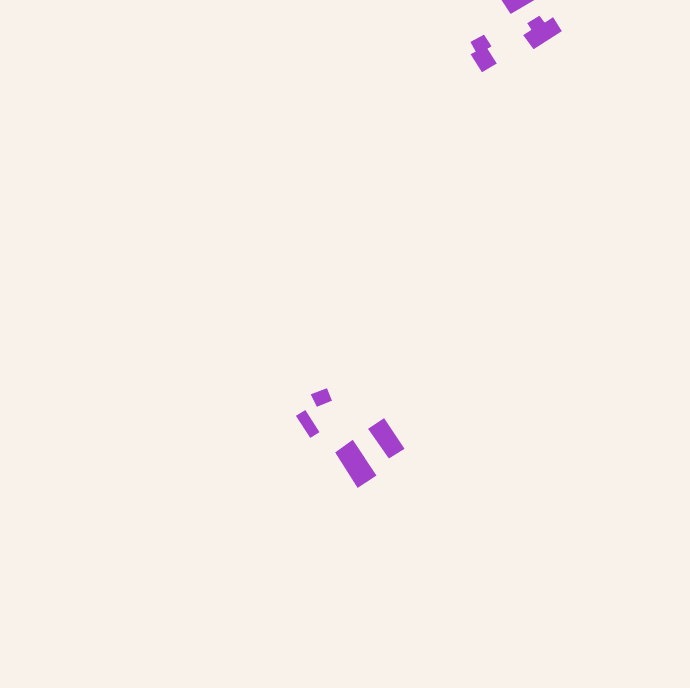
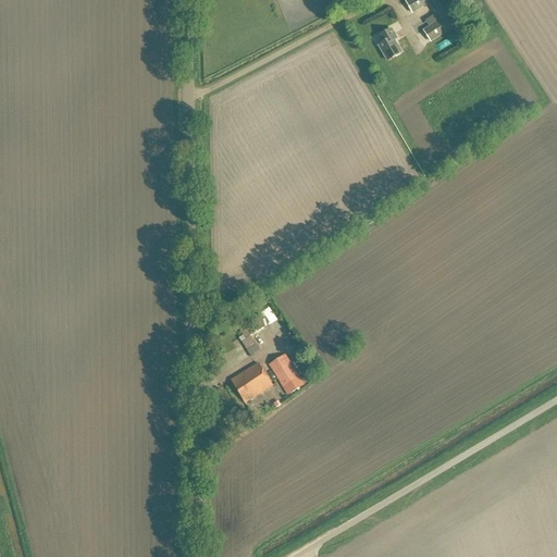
building: [367,417,406,460] -> none
building: none -> [230,361,272,401]

